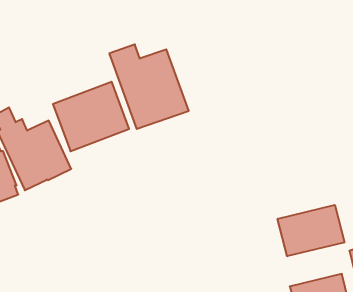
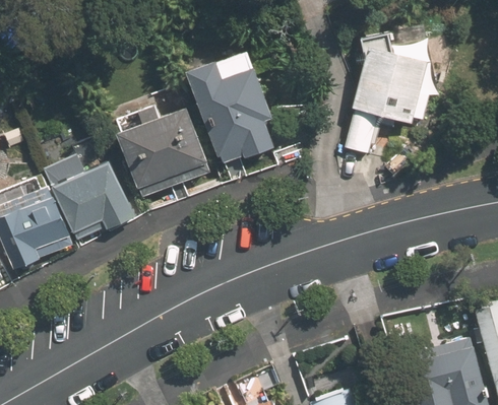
building: none -> [350,46,426,125]
building: [278,205,344,256] -> none

